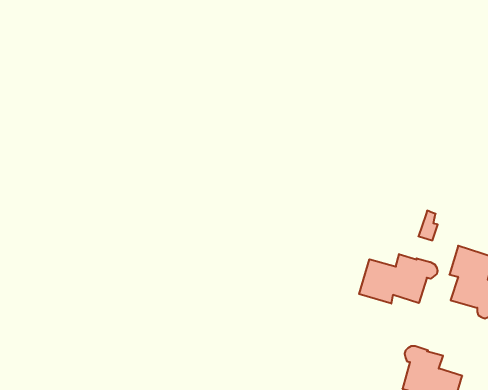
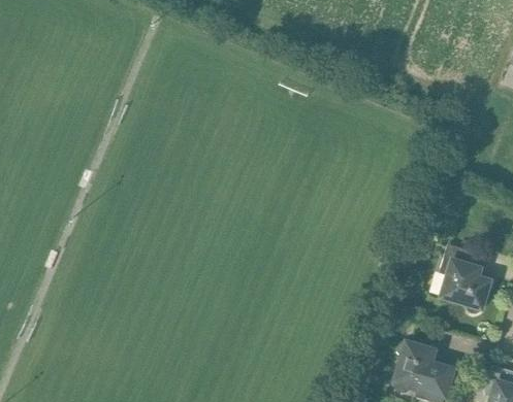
building: [359,254,437,304] -> none

